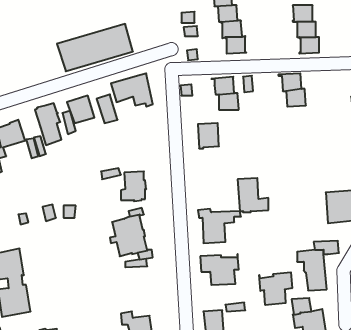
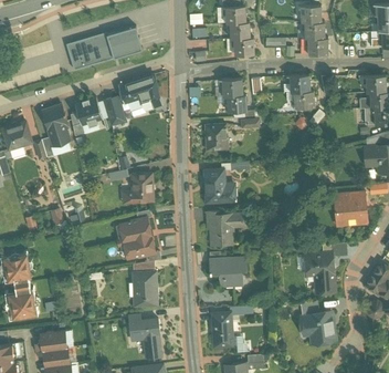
building: [238,178,268,212] -> [203,169,234,204]
building: none -> [133,272,157,307]
building: [259,272,292,305] -> none

